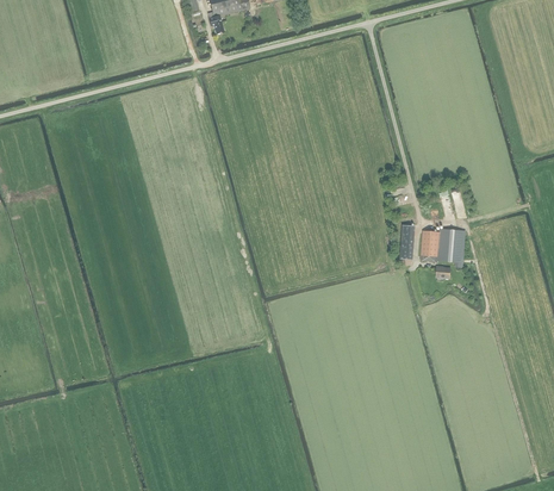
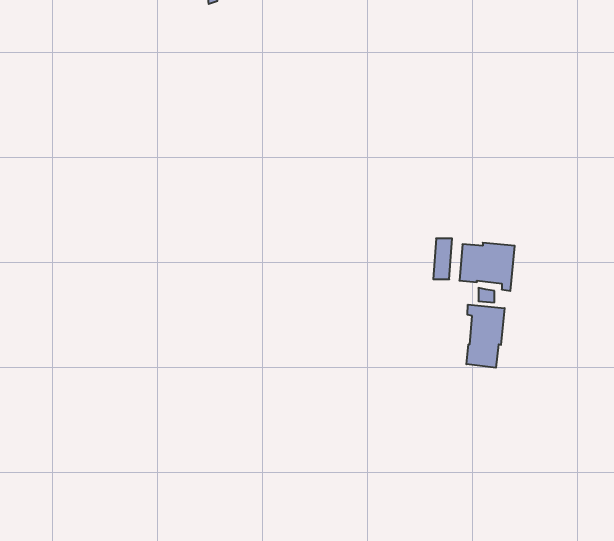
building: none -> [466,305,505,368]

